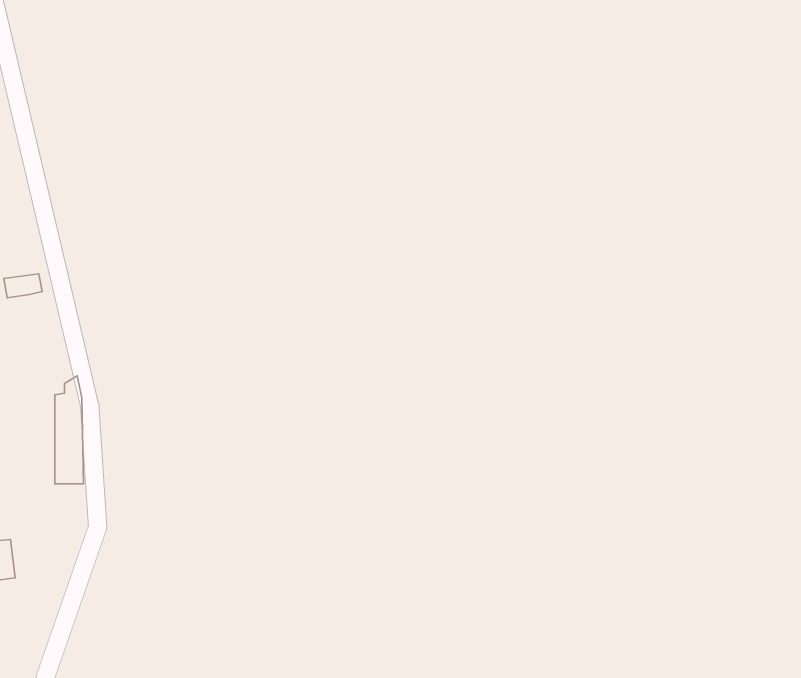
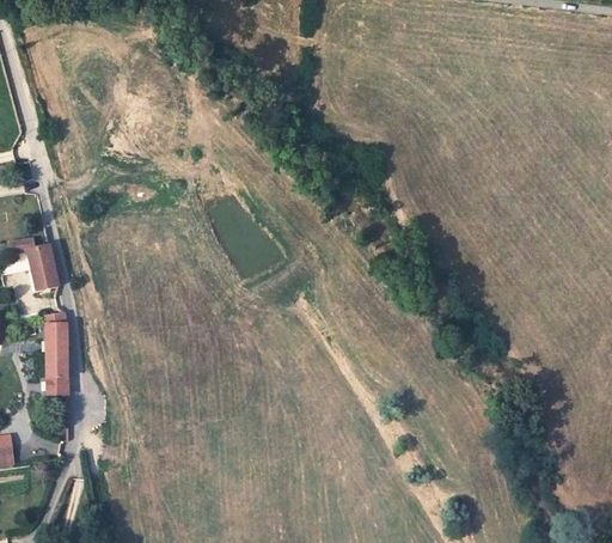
building: none -> [26,248,56,291]

